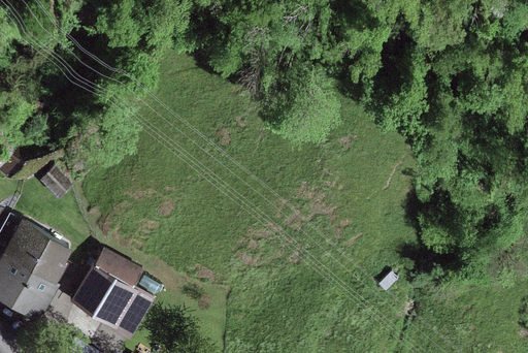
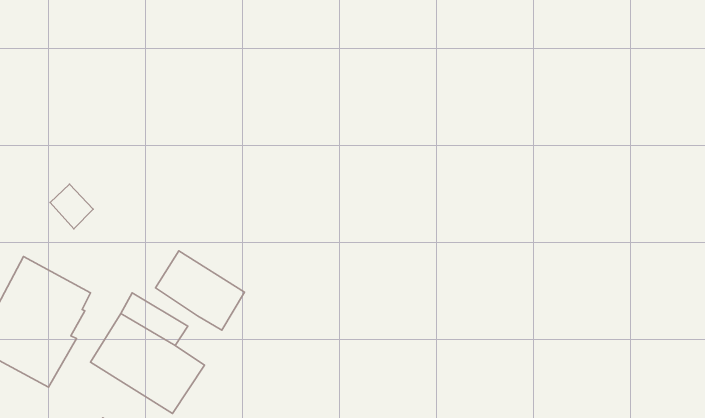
building: none -> [156,251,244,330]

